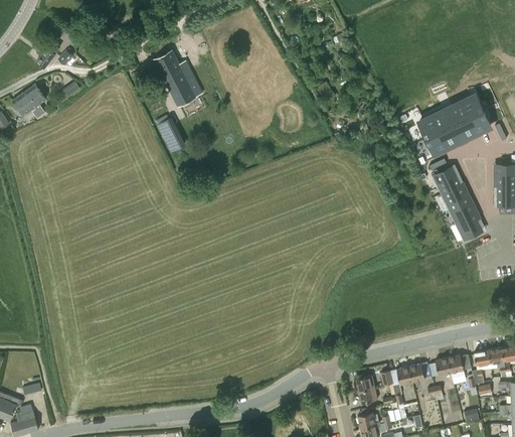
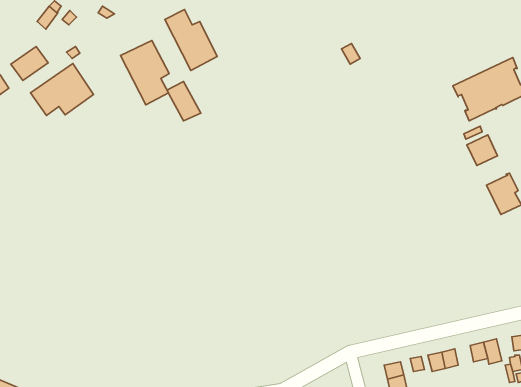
building: none -> [121,40,169,105]
building: none -> [31,64,93,115]
building: [442,185,470,212] -> none

